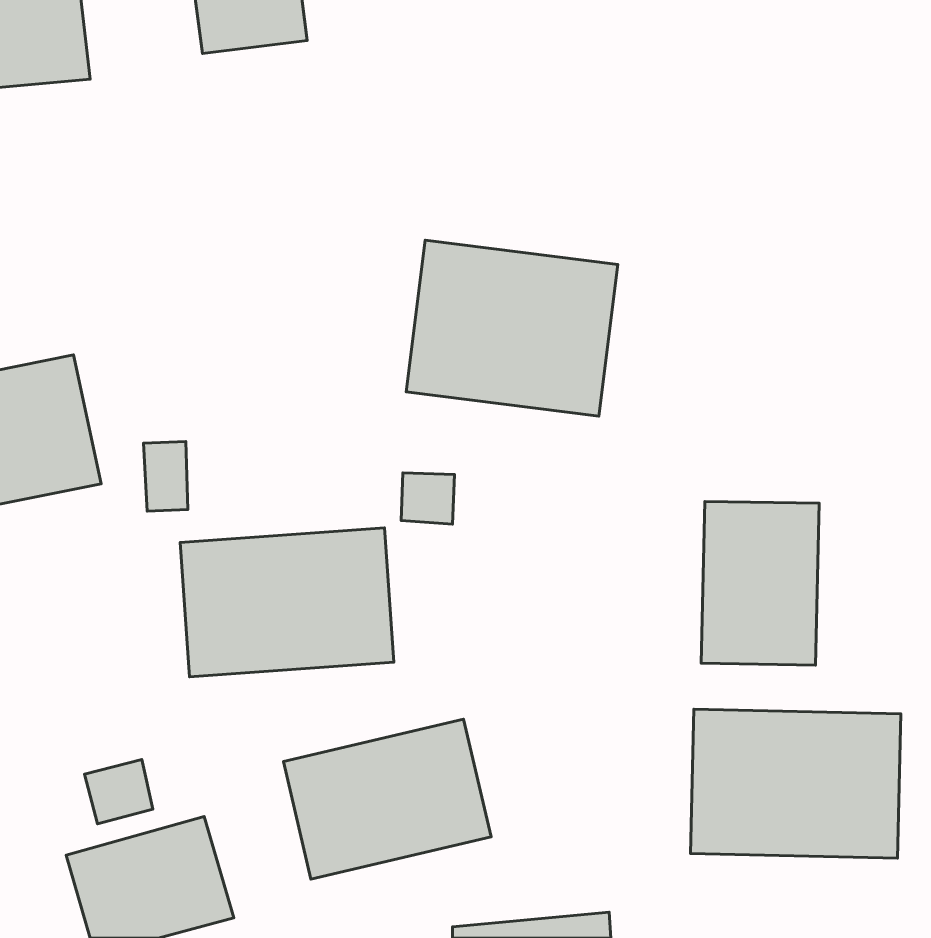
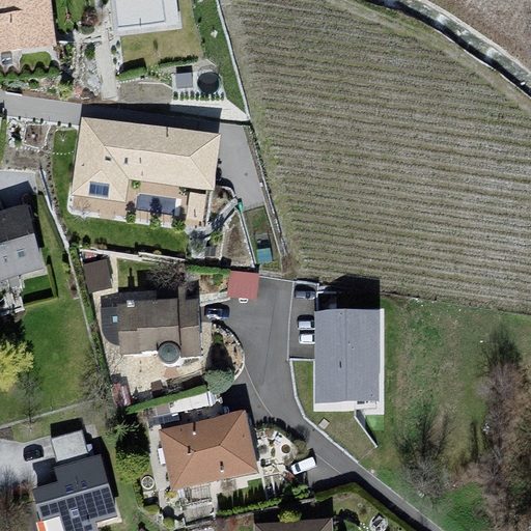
building: none -> [65,115,216,201]
building: [406,240,618,416] -> none
building: [701,501,819,665] -> [309,309,375,401]
building: [691,709,901,858] -> none

